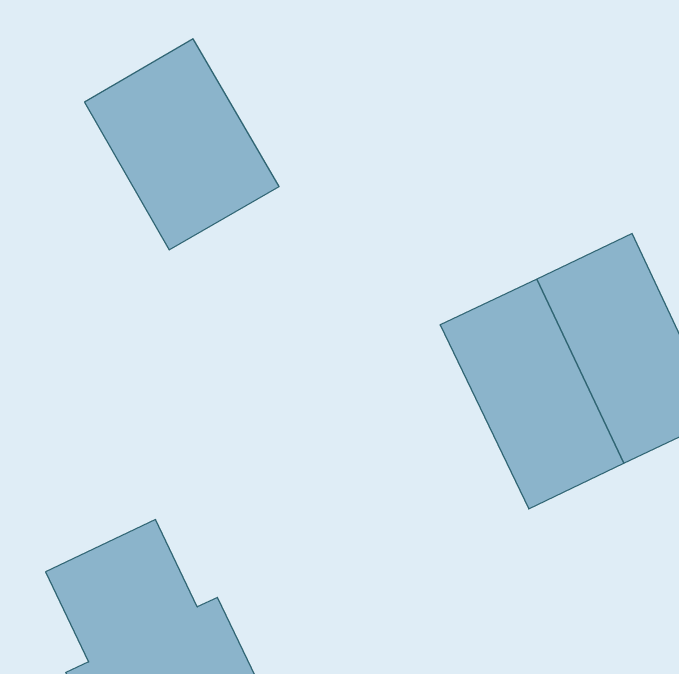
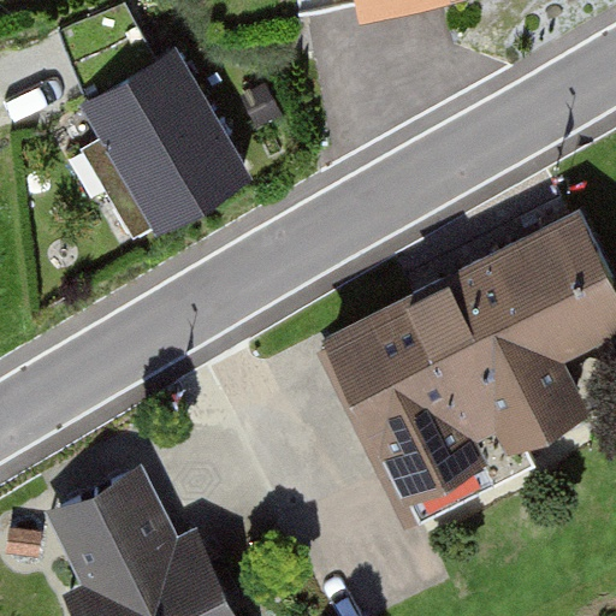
building: none -> [315,302,480,509]

